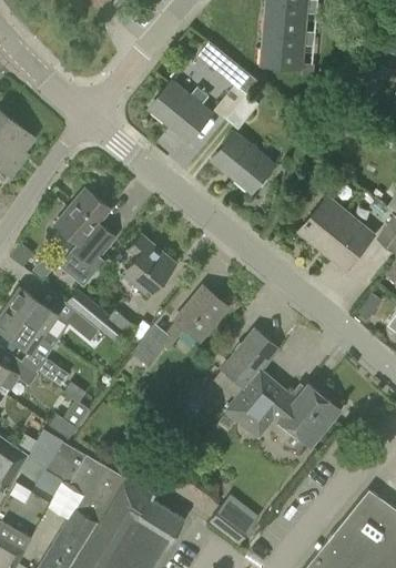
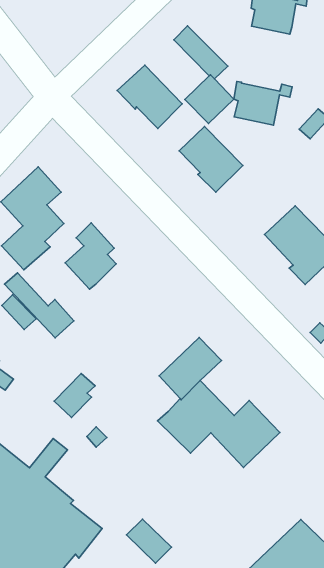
building: [263,31,316,70] -> [234,82,292,125]
building: [174,287,226,342] -> none
building: [131,325,167,367] -> [54,373,95,417]

